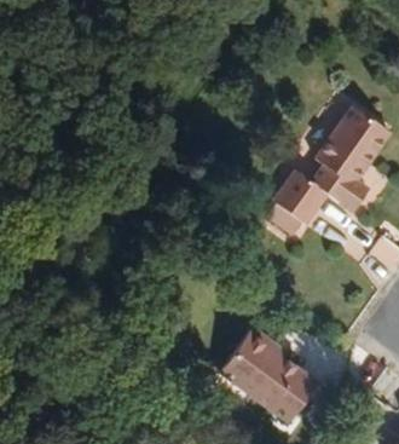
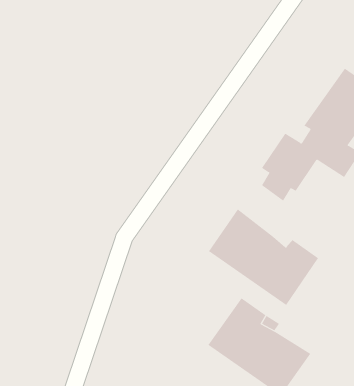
building: none -> [208,209,319,306]

